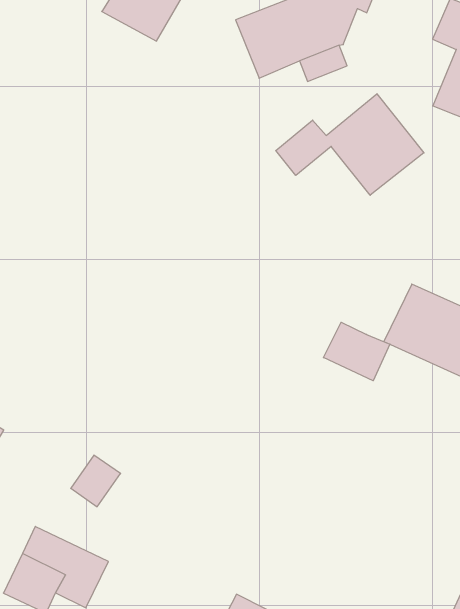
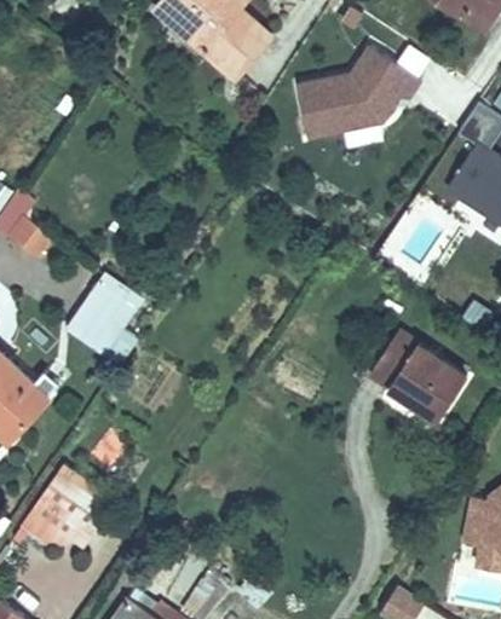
building: [276,94,424,195] -> none
building: none -> [68,266,145,357]
building: [323,322,390,381] -> none

